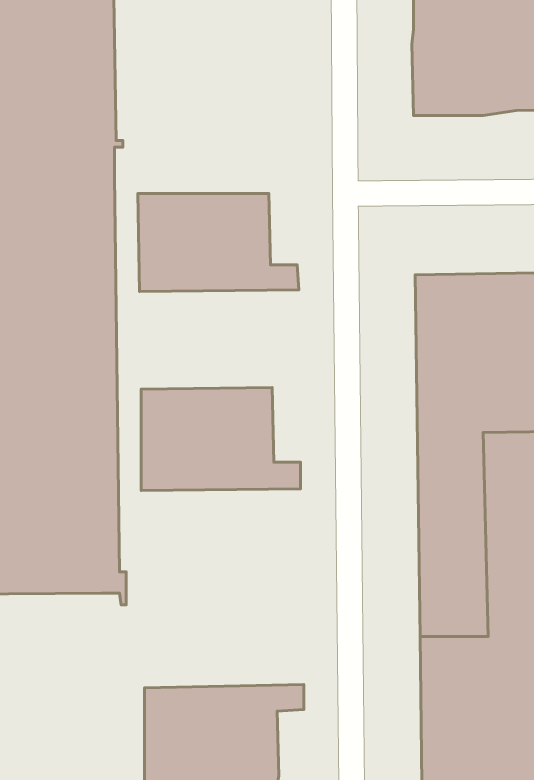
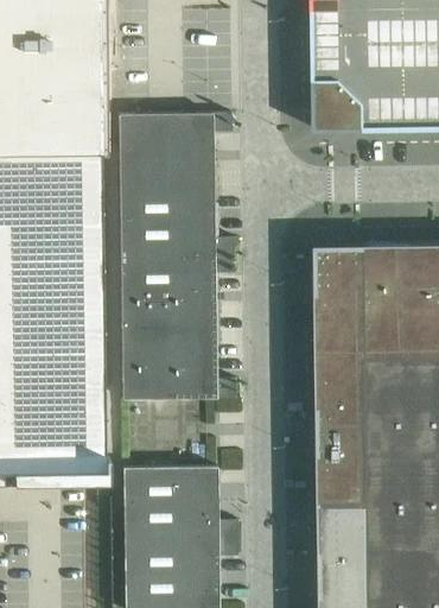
building: none -> [116,113,230,186]
building: none -> [119,255,233,327]
building: none -> [121,467,236,540]

